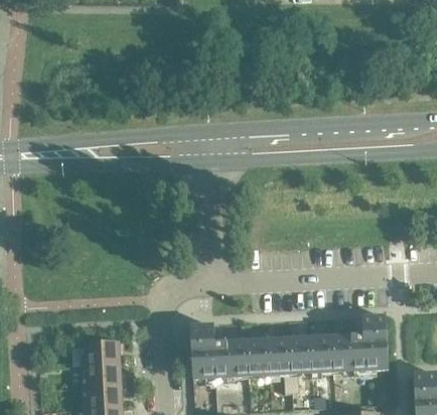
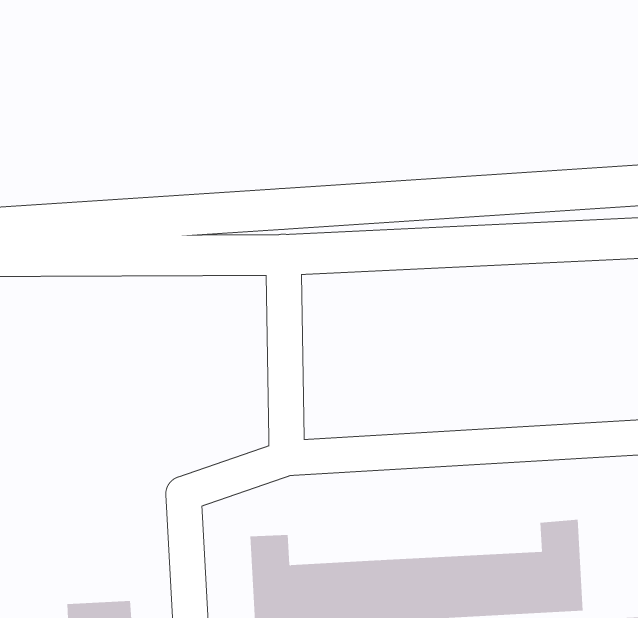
building: [81,340,125,365] -> none

